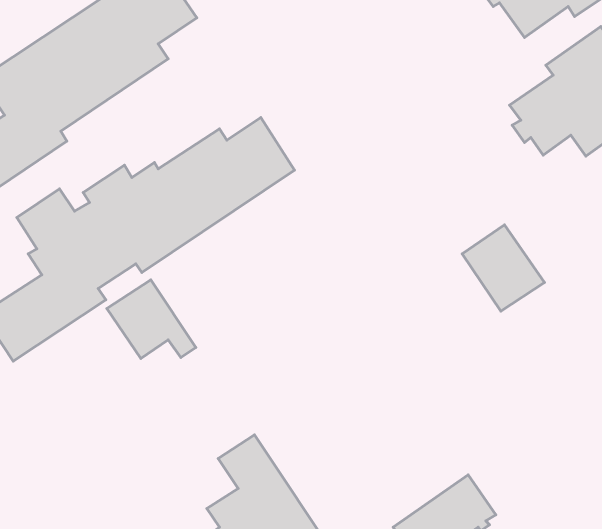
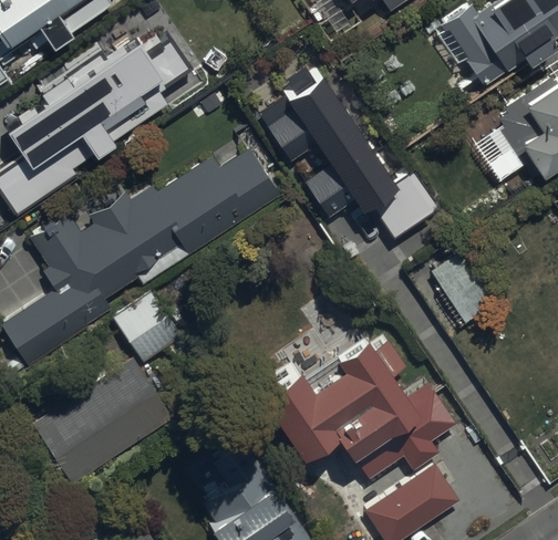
building: none -> [260,64,438,238]
building: none -> [254,330,452,485]
building: none -> [30,360,172,488]

